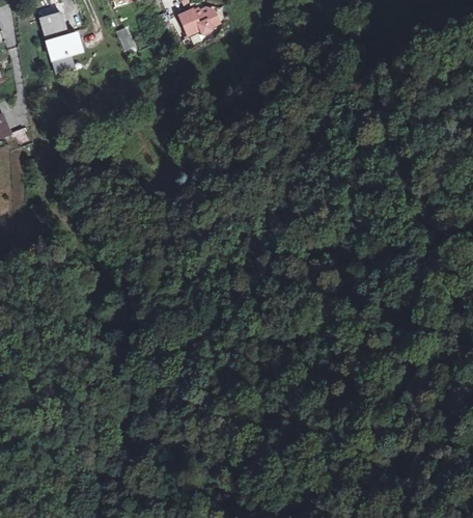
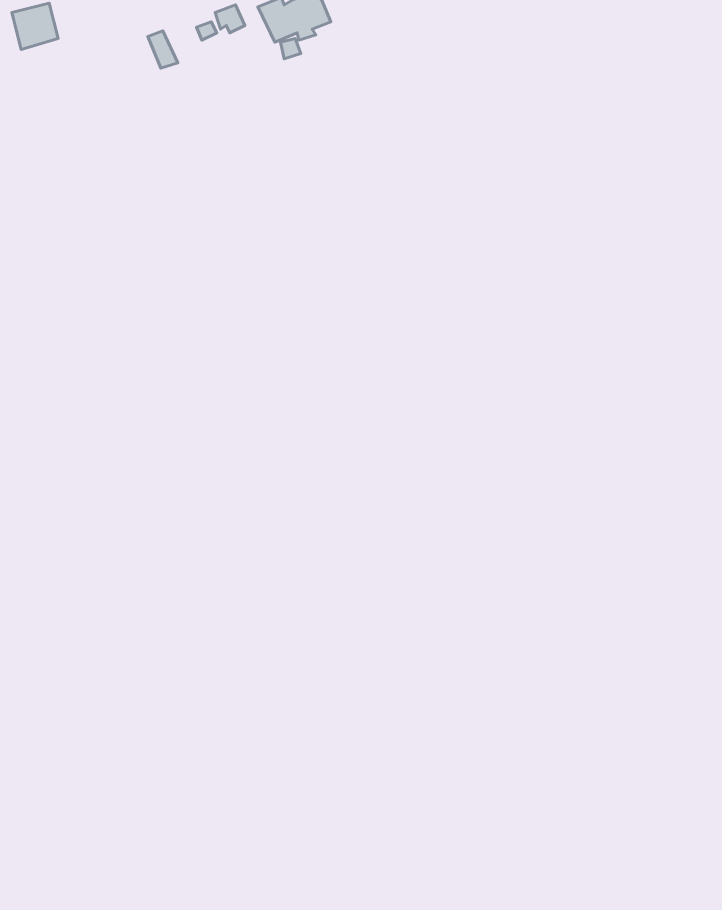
building: [46,30,81,59] -> none

